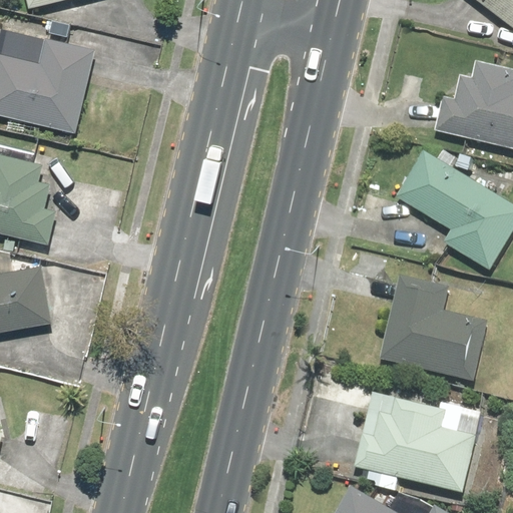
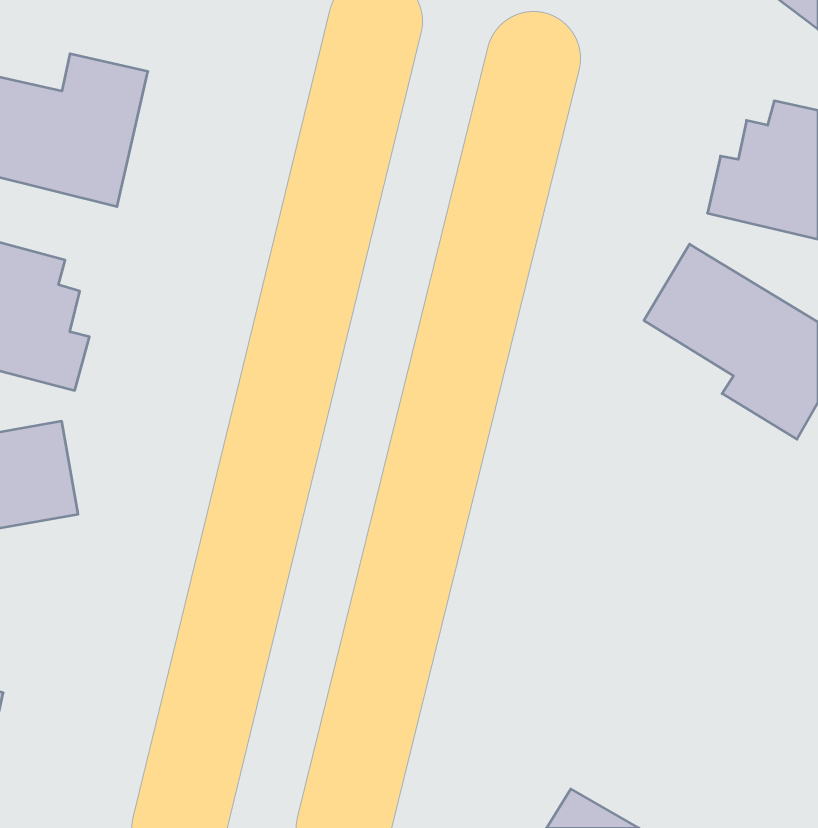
building: [381,276,490,382] -> none
building: [356,398,478,494] -> none

